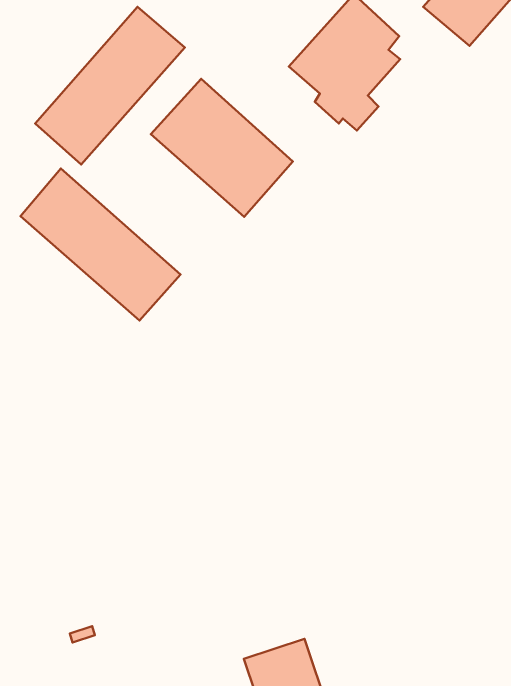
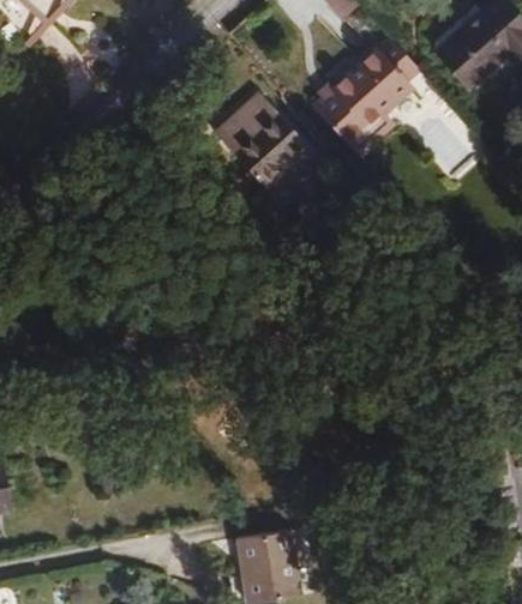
building: [35,7,185,165] -> none
building: [20,169,180,320] -> none

